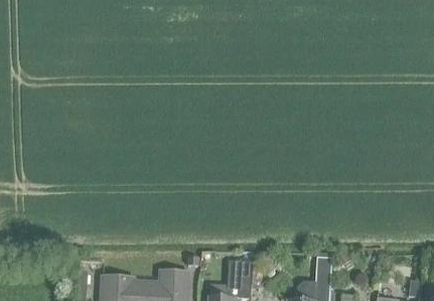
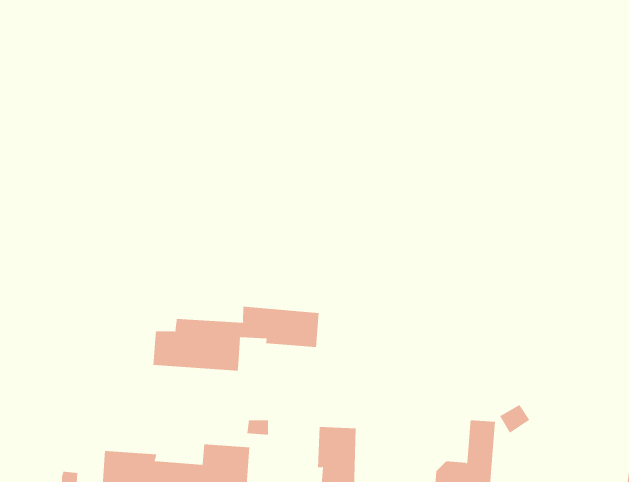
building: none -> [153,306,319,372]

